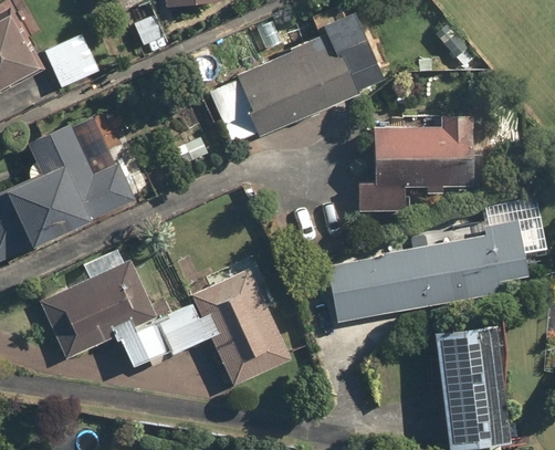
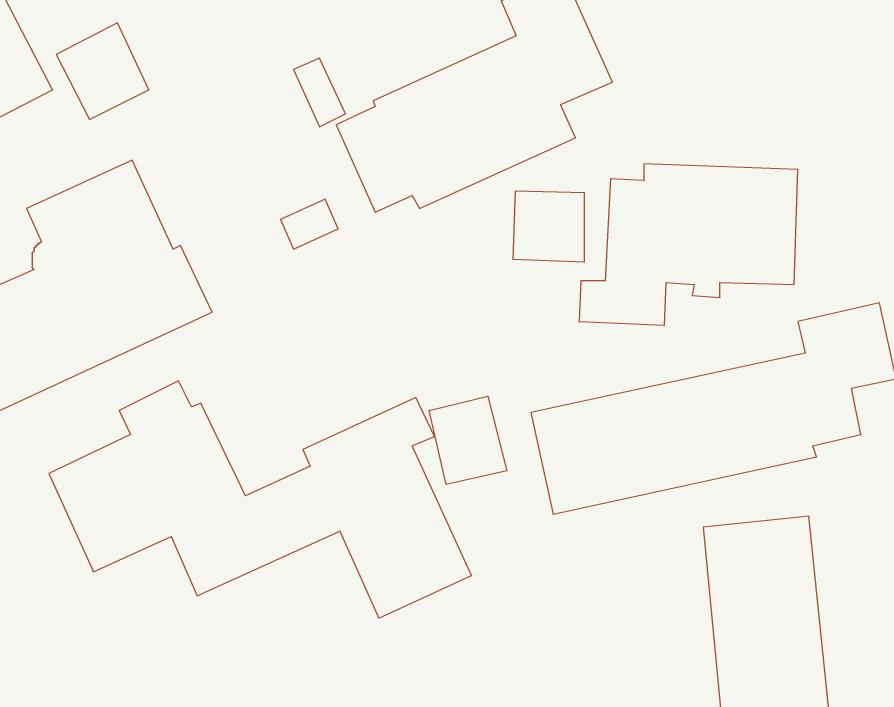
building: none -> [513,191,584,262]
building: none -> [429,396,507,484]

